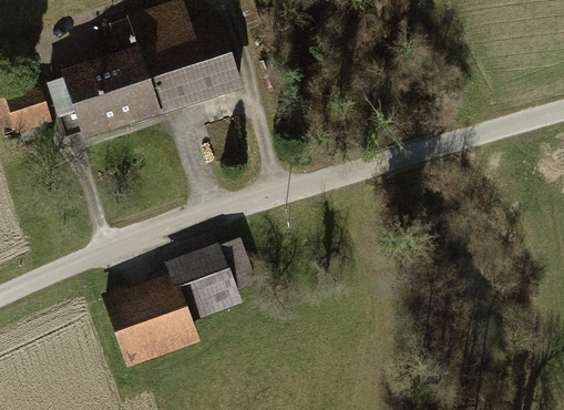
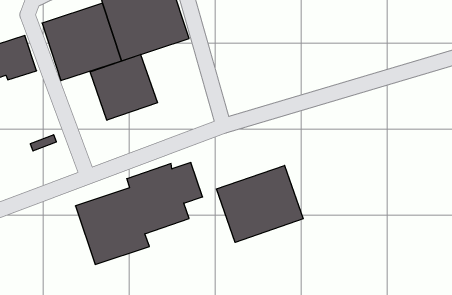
building: none -> [90,54,157,120]
building: none -> [216,165,303,242]

